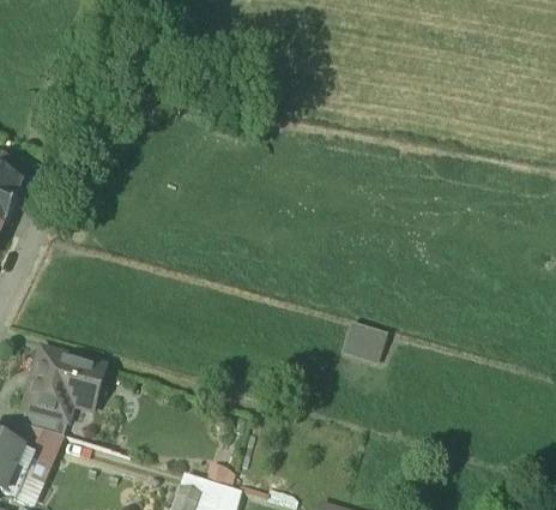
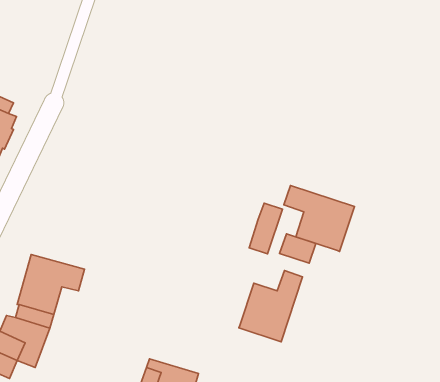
building: none -> [284,185,355,252]
building: none -> [249,203,282,254]
building: none -> [239,271,303,342]

